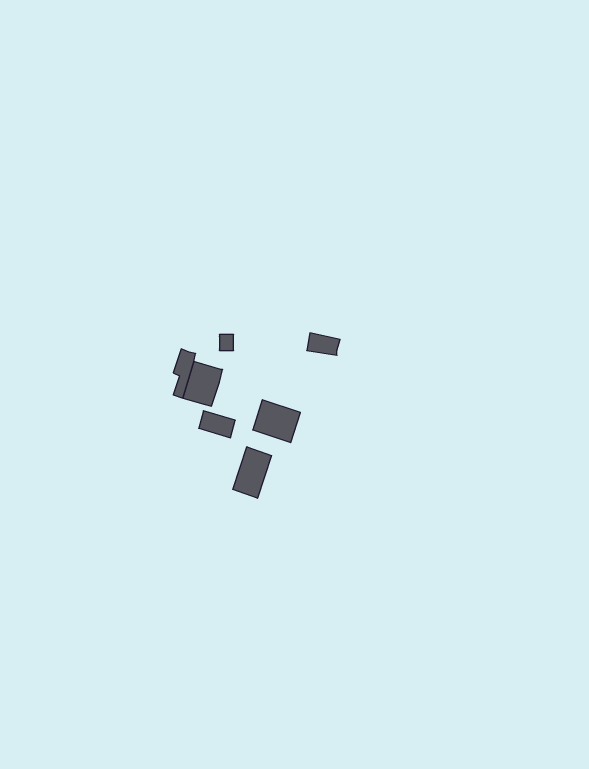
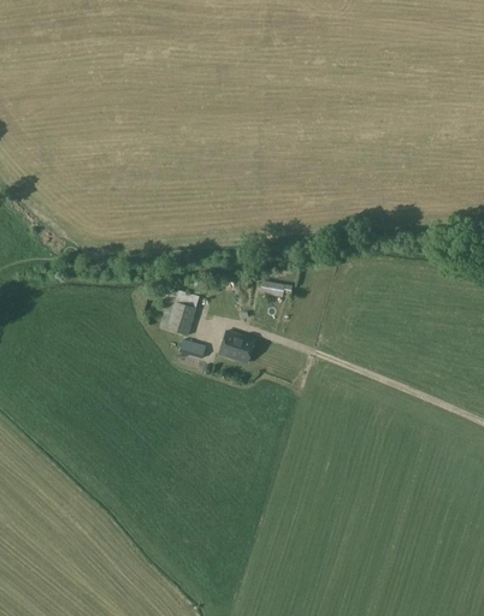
building: [233,447,272,498] -> none

